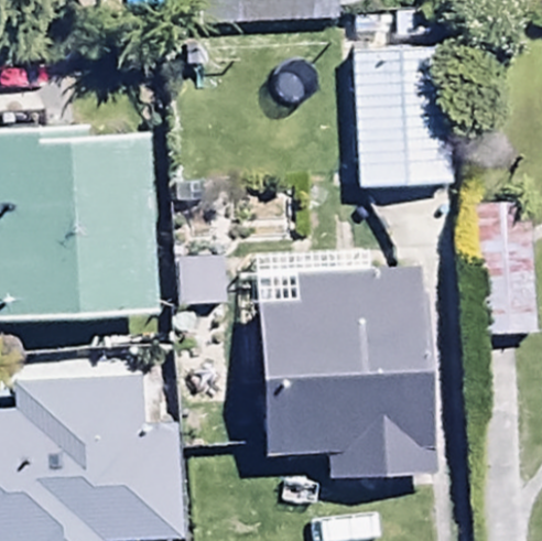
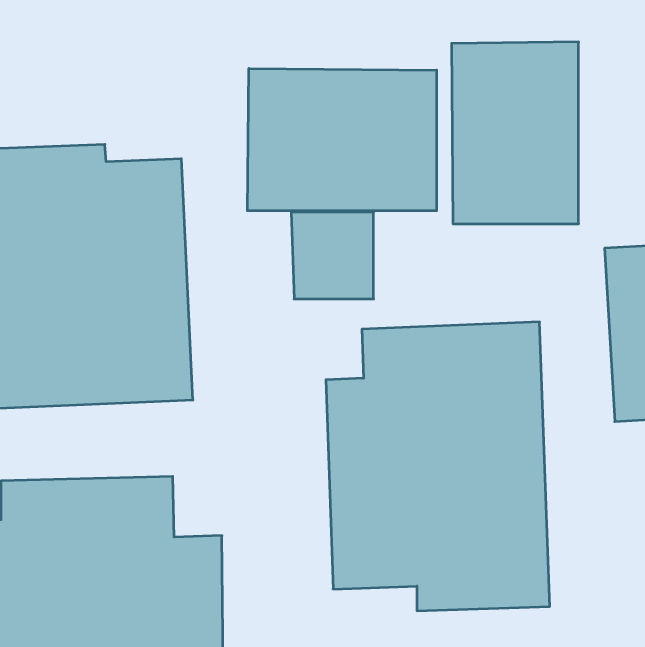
building: none -> [247,68,437,211]

